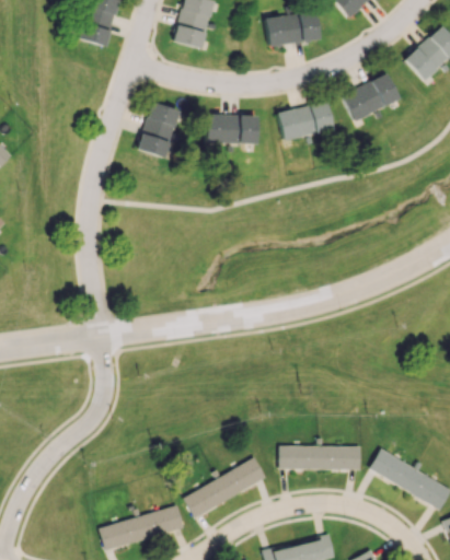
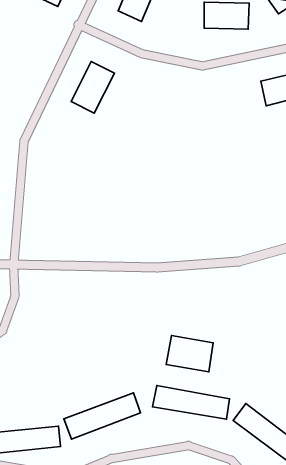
building: [277,101,333,142] -> none
building: [206,115,256,144] -> none
building: none -> [166,336,213,372]

